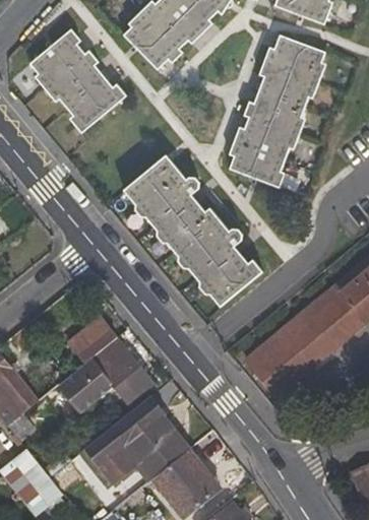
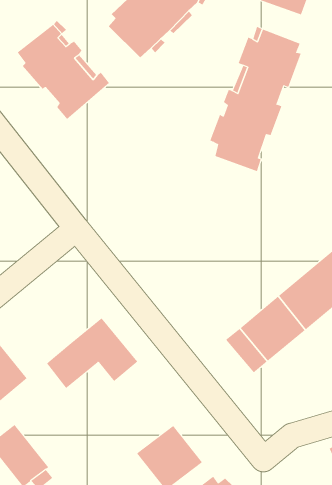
building: [123,156,261,307] -> none
building: [67,317,117,365] -> none
building: [85,394,191,483] -> none

